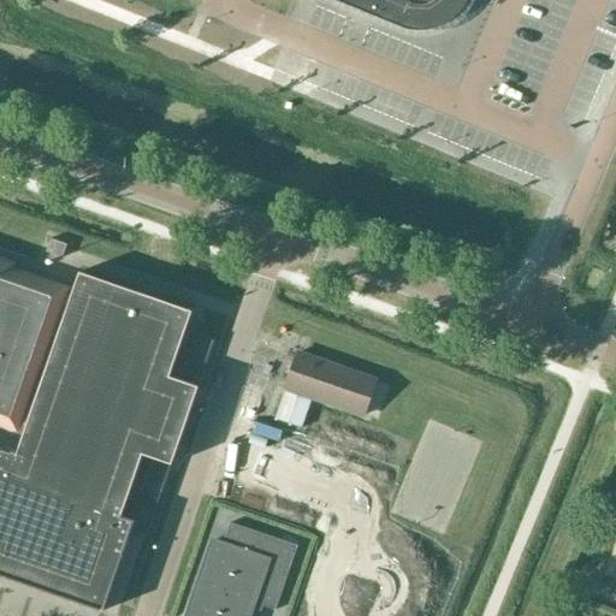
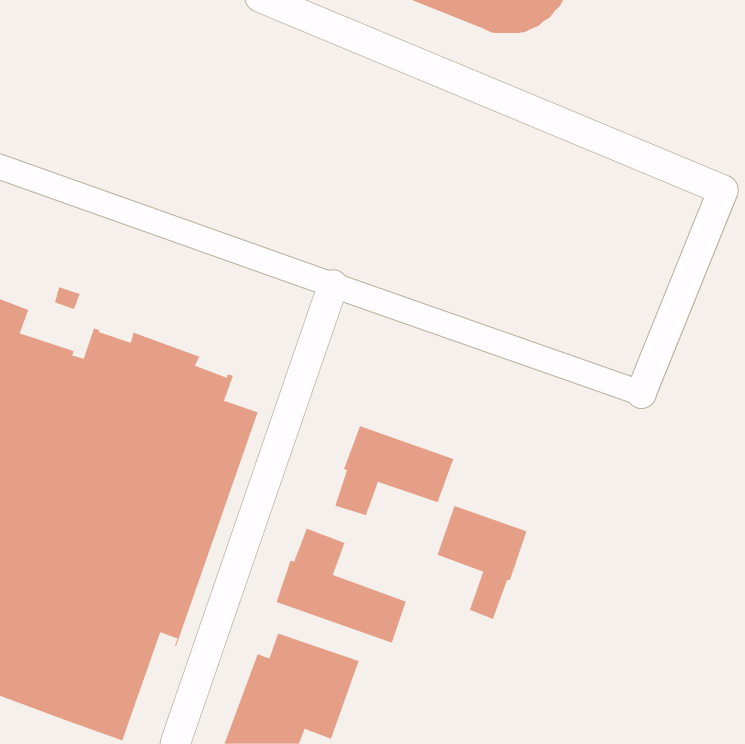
building: none -> [437,505,527,620]
building: none -> [276,528,407,644]

